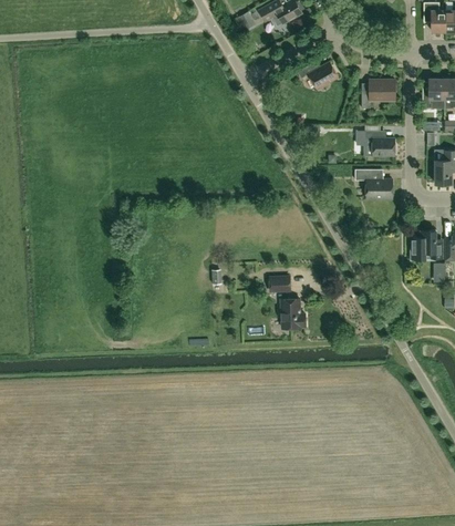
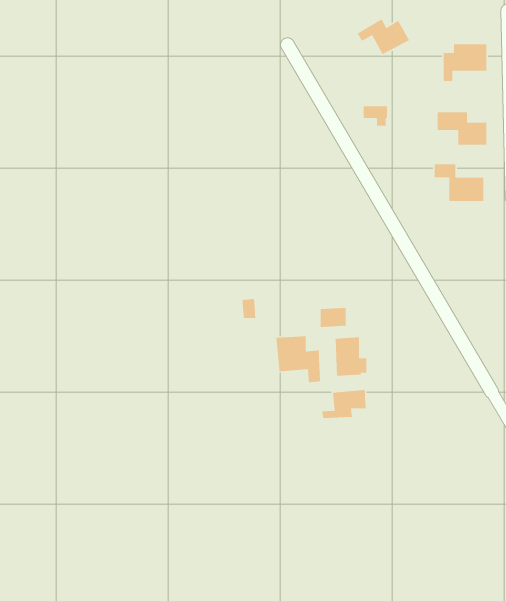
building: none -> [275,335,321,383]
building: none -> [321,389,367,419]

